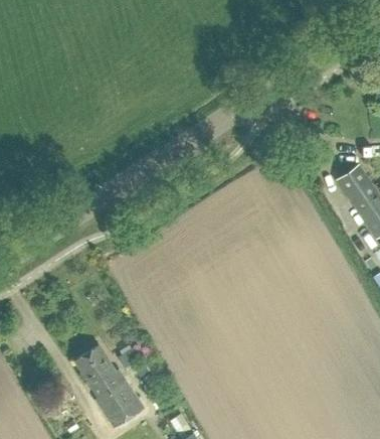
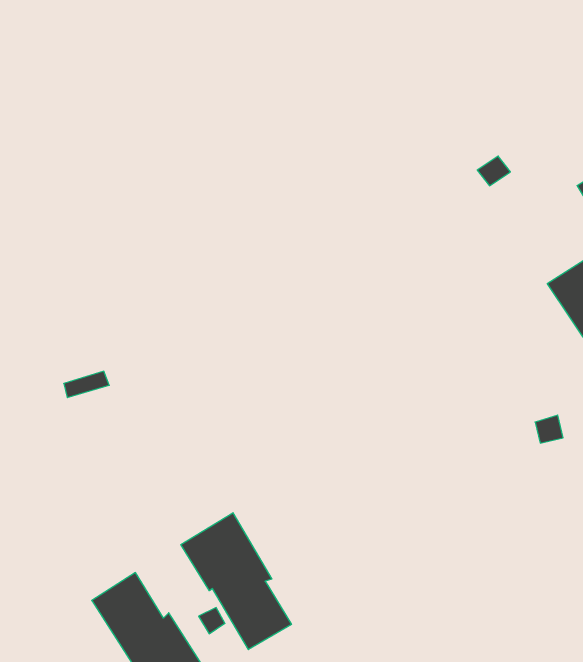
building: none -> [181,513,291,650]

